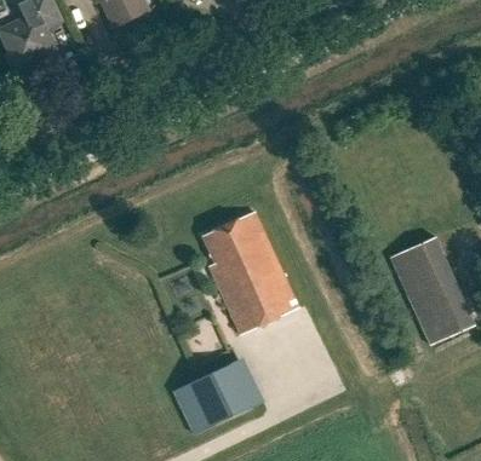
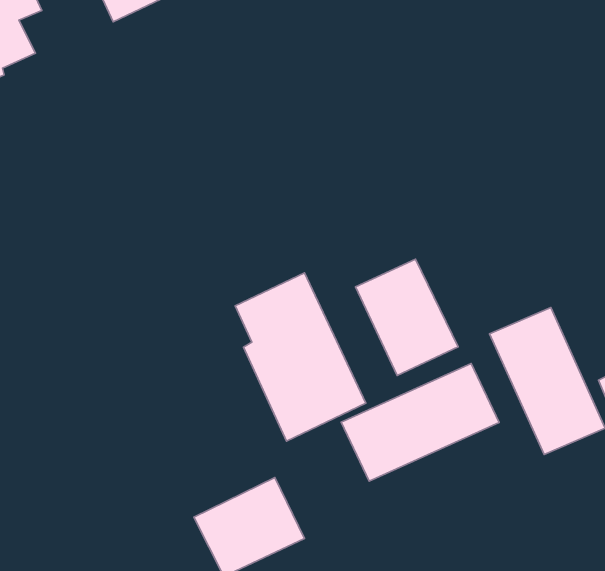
building: none -> [356,259,458,376]
building: none -> [341,363,499,481]

